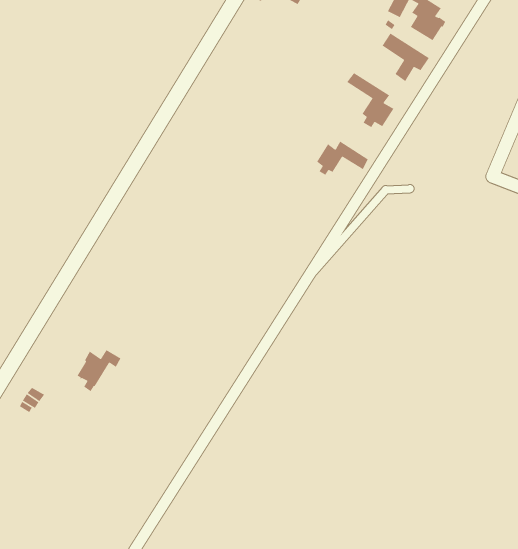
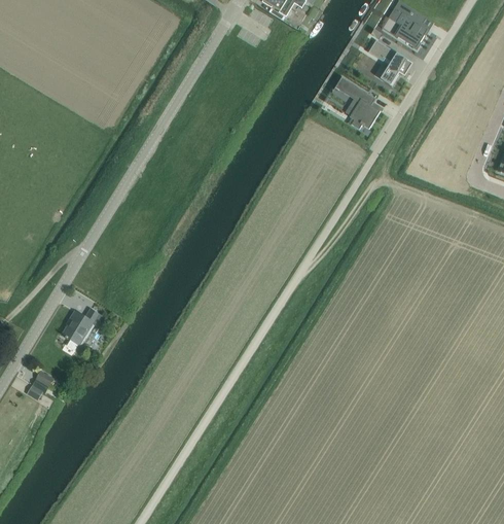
building: [316,141,369,176] -> none
building: [76,349,122,392] -> [62,310,104,350]

